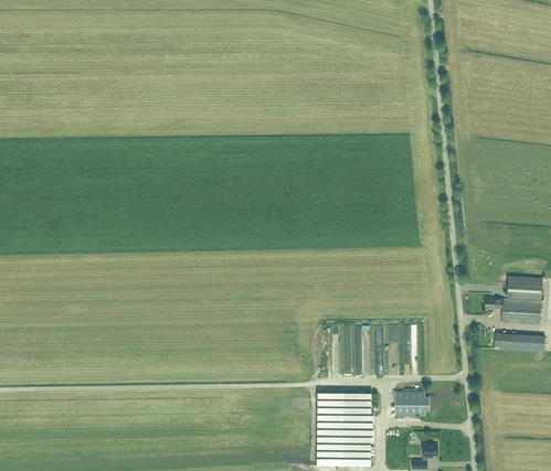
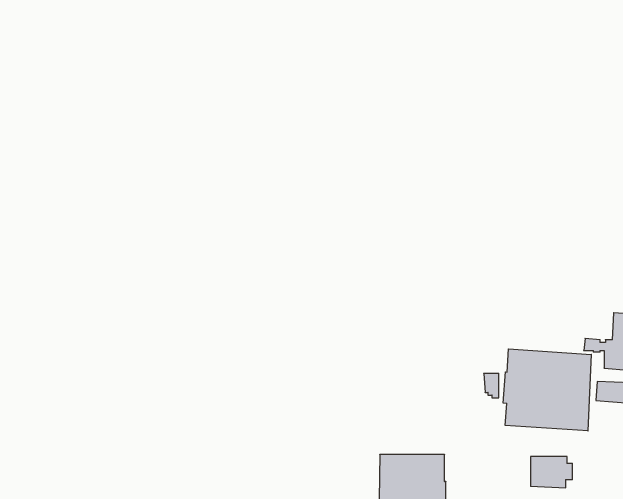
building: none -> [503,349,591,431]
building: [395,392,430,417] -> [531,457,572,488]

